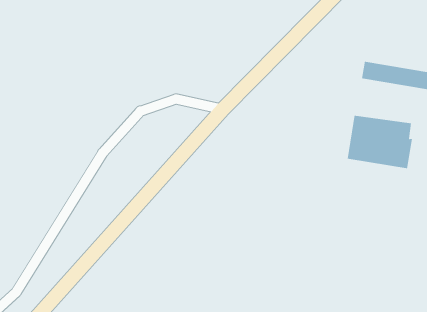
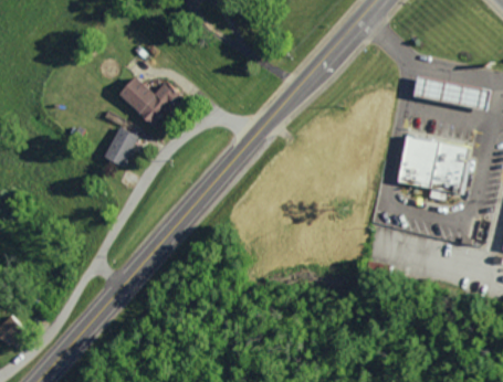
building: none -> [115,75,179,125]
building: none -> [104,127,139,168]

